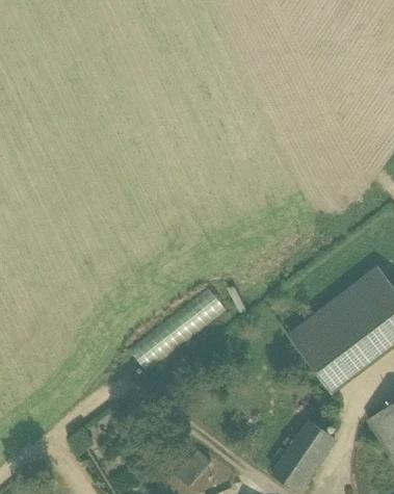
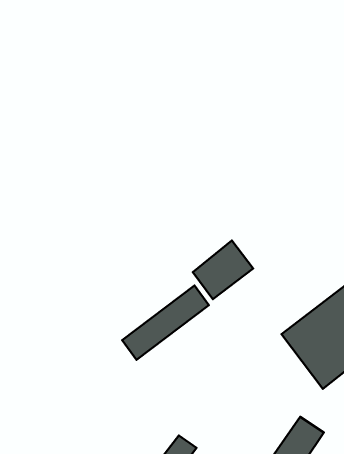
building: none -> [193,240,253,299]

